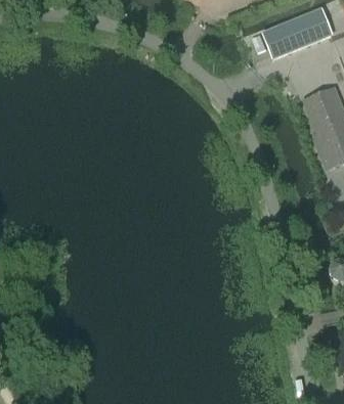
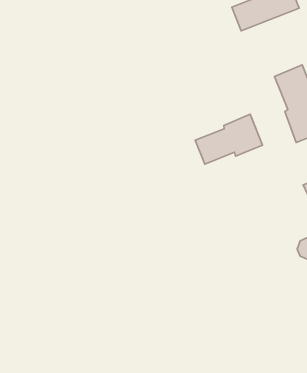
building: none -> [195,114,263,164]

